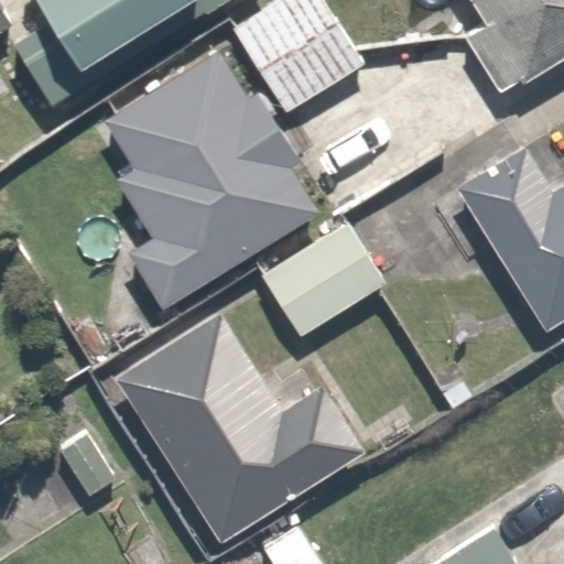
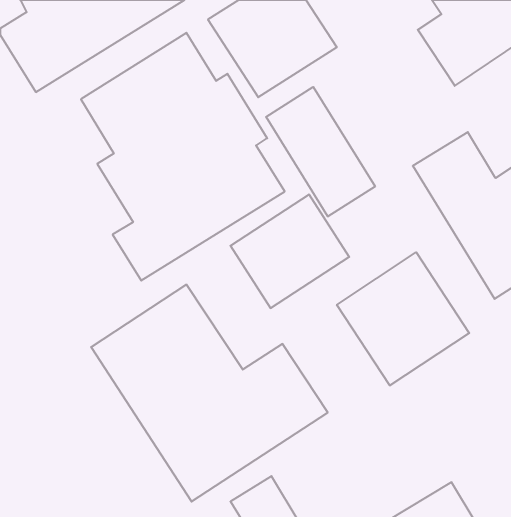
building: none -> [266,87,375,217]
building: none -> [337,252,469,386]

